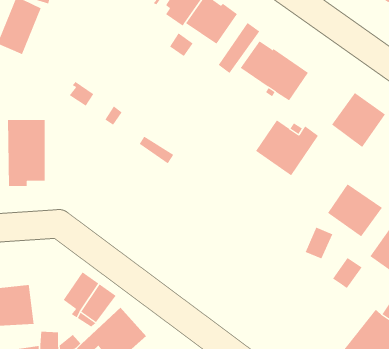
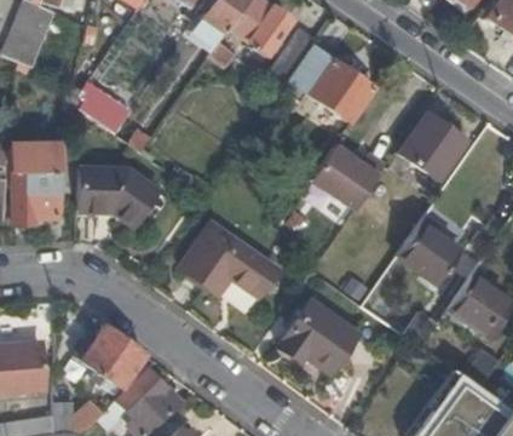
building: none -> [80,173,163,233]
building: none -> [181,225,276,294]
building: none -> [278,302,355,373]

